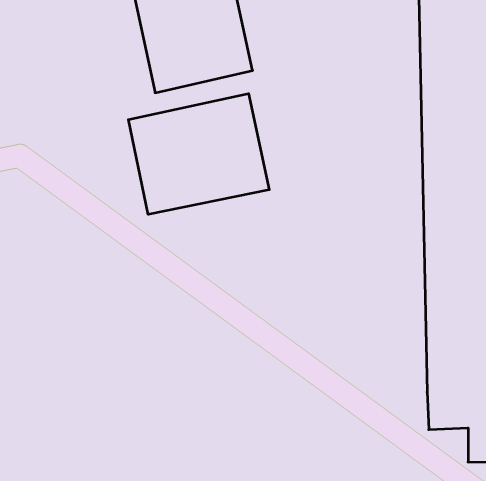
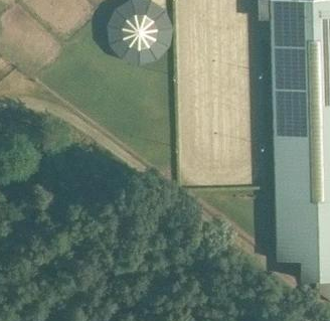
building: [128,94,269,214] -> none

